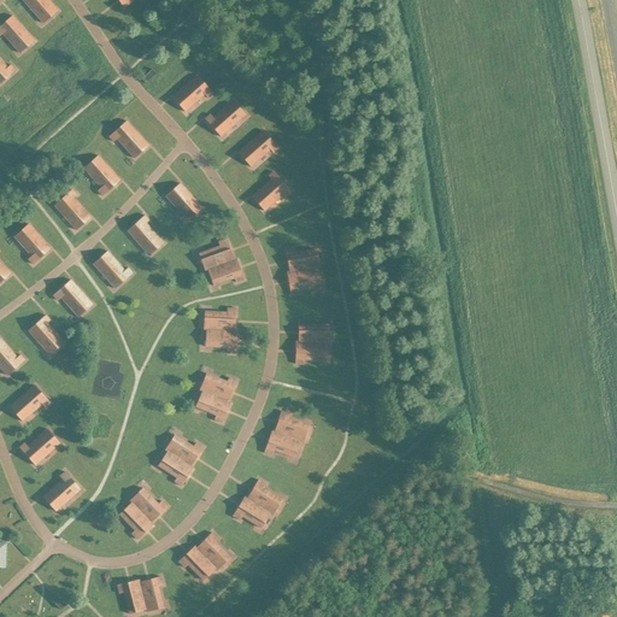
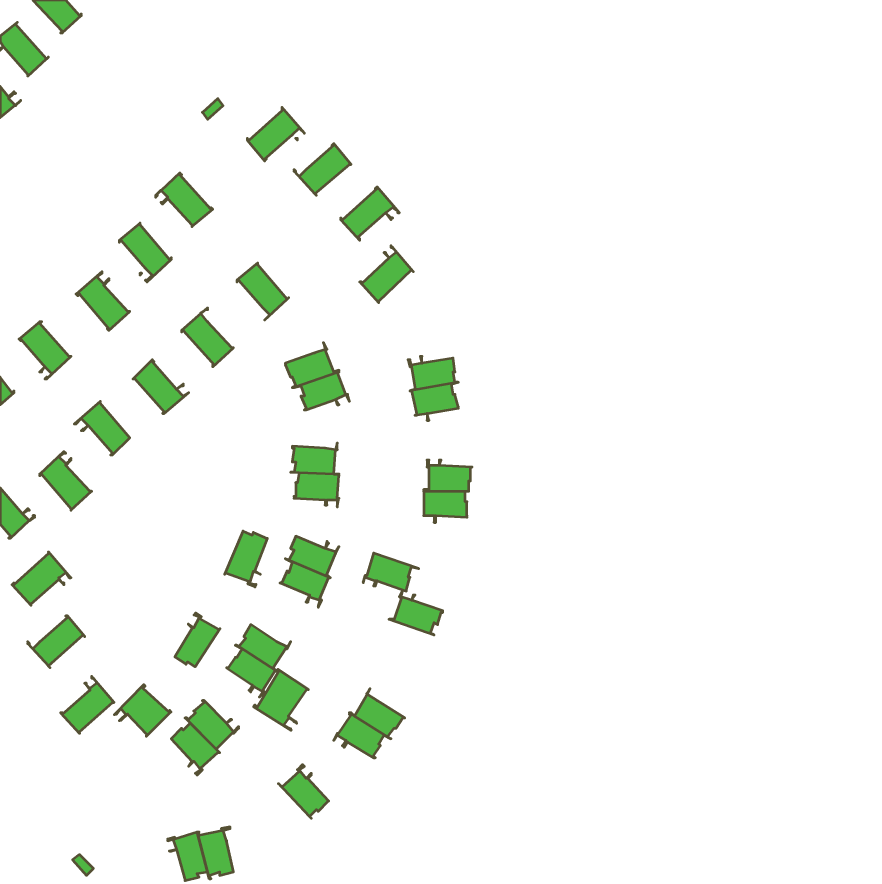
building: none -> [225,531,267,587]
building: none -> [175,613,220,667]
building: [265,431,304,458] -> [363,553,419,591]
building: none -> [254,669,308,730]
building: none -> [114,685,171,736]
building: [182,546,218,581] -> none

